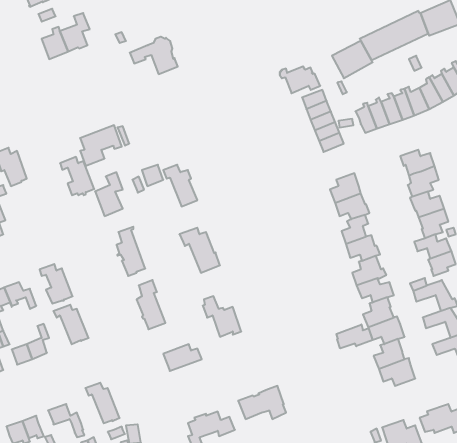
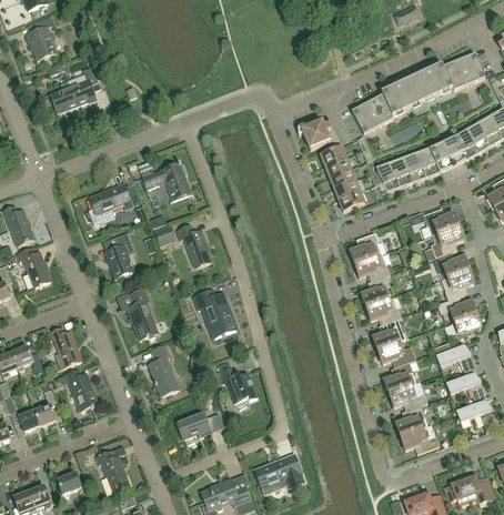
building: [130,37,178,74] -> [141,160,191,199]
building: [60,157,94,195] -> [14,246,50,286]
building: [336,324,373,348] -> none

